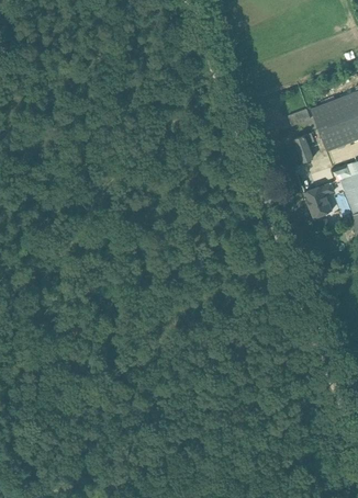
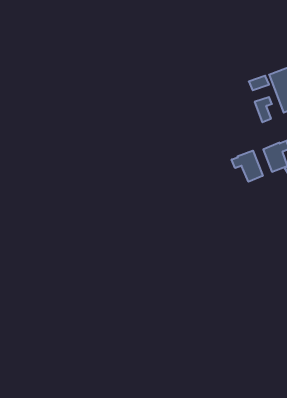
building: none -> [232,151,263,182]

